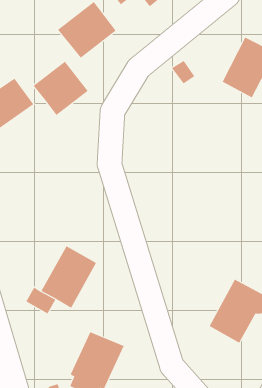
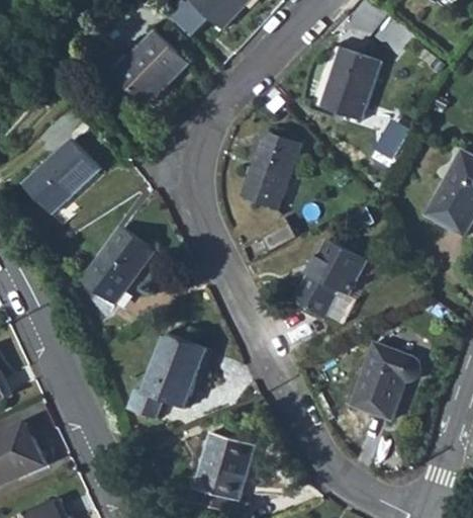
building: [33,61,88,116] -> none
building: none -> [242,131,300,208]
building: none -> [81,228,152,304]
building: none -> [293,239,365,316]

